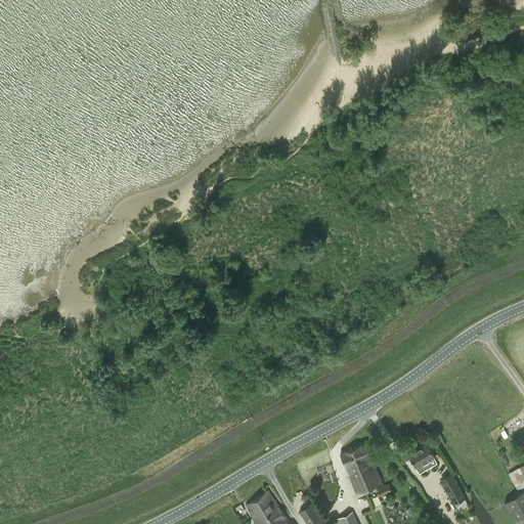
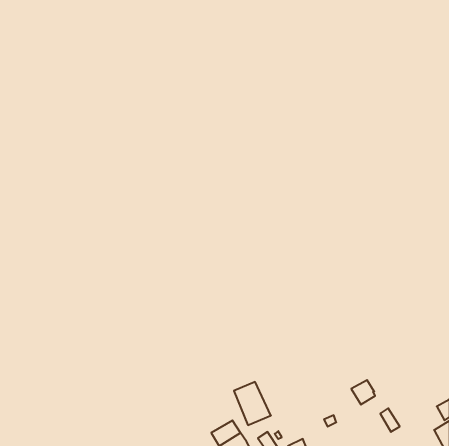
building: [341,446,384,496] -> [234,382,271,425]

